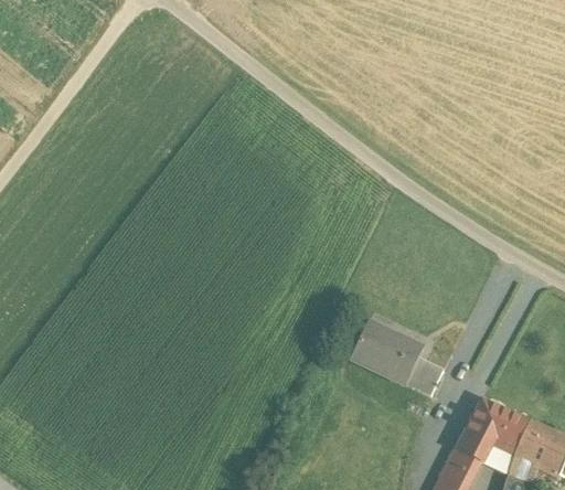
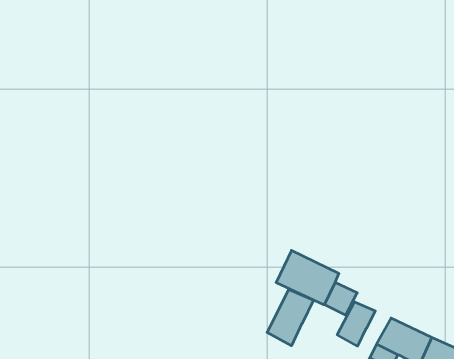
building: none -> [267,290,314,346]
building: none -> [337,302,375,346]

